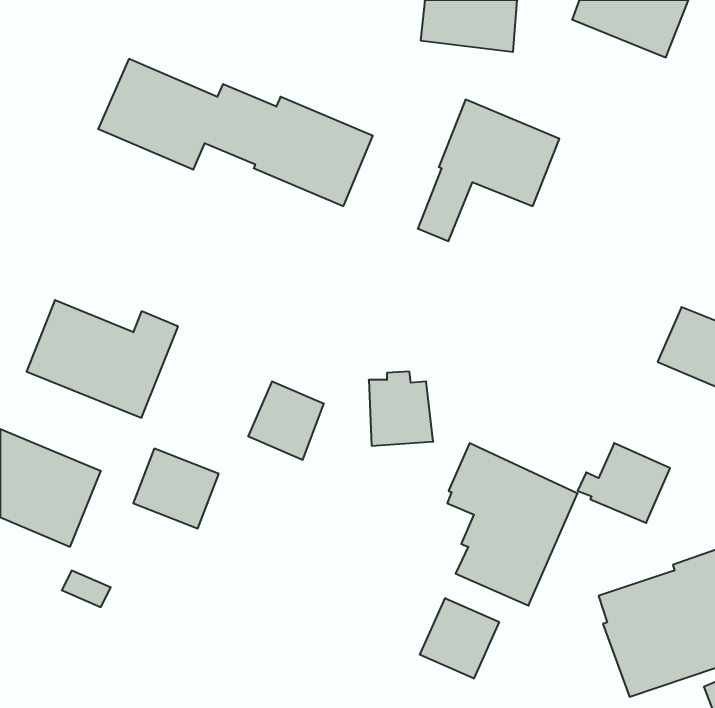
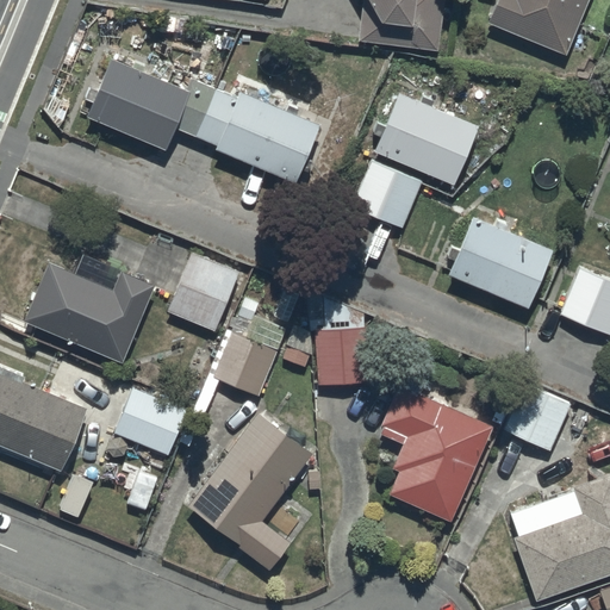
building: none -> [452,218,553,306]
building: none -> [168,254,238,332]
building: none -> [187,410,315,571]
building: [420,598,499,679] -> none

